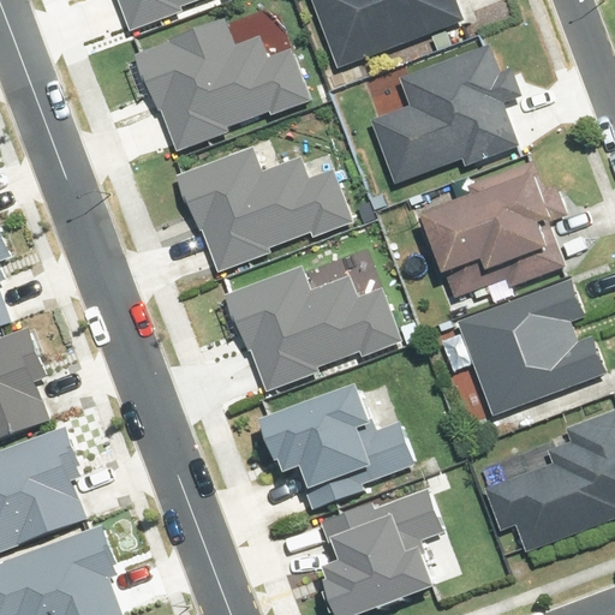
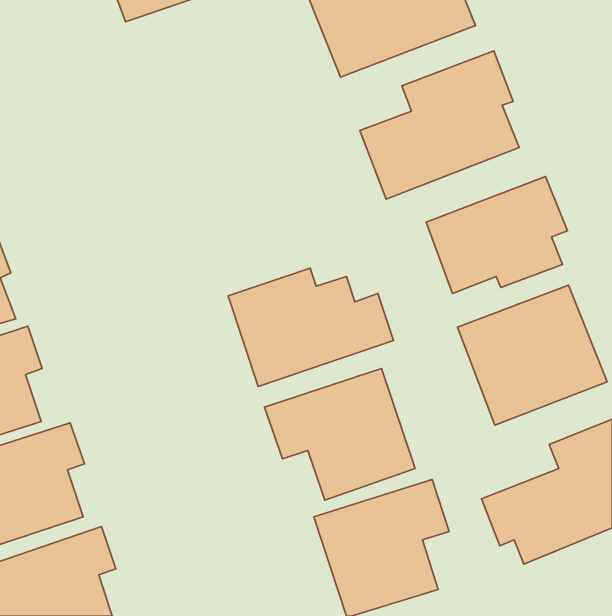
building: [141,28,305,145] -> none
building: [187,148,352,265] -> none

